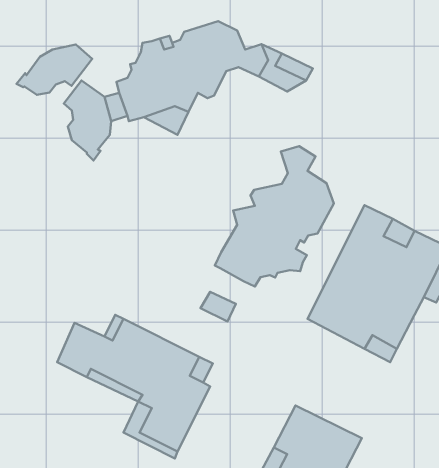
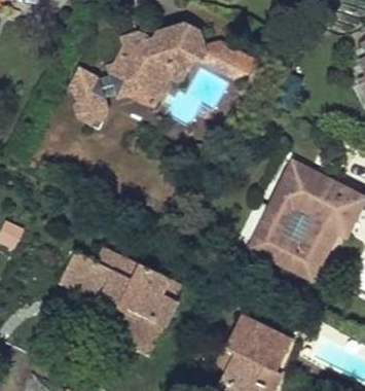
building: [16,45,92,95] -> none
building: [215,146,334,286] -> none

